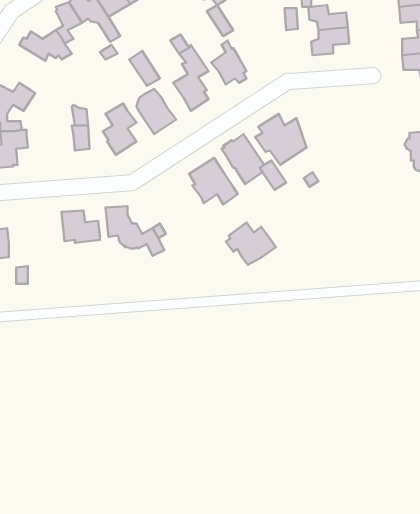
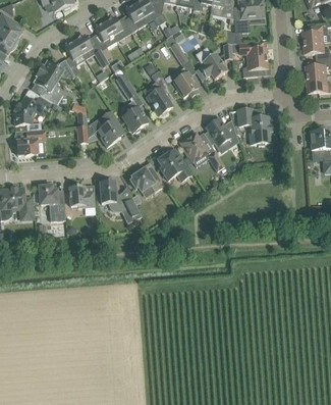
building: none -> [199,52,226,79]
building: none -> [34,69,62,104]
building: none -> [236,108,271,143]
building: none -> [39,185,65,220]
building: [226,222,276,265] -> [129,167,164,197]

